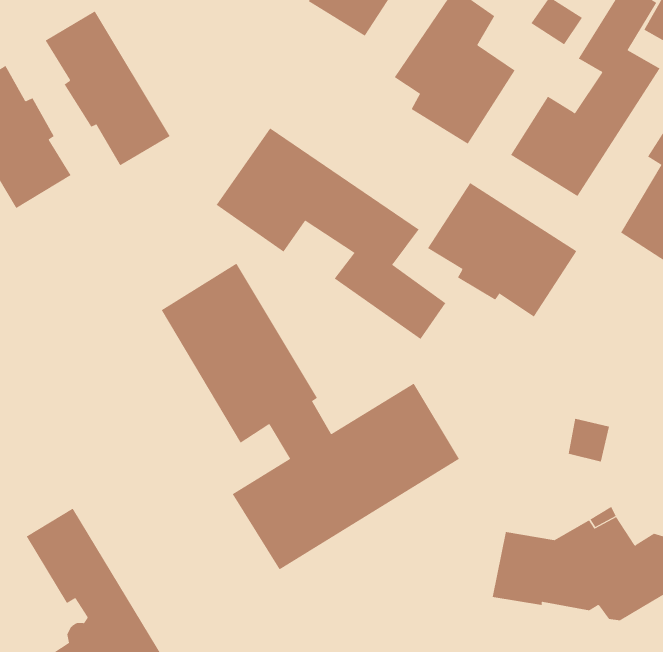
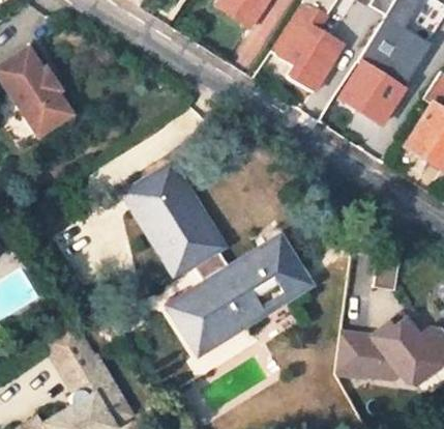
building: [45,10,171,166] -> none
building: [216,128,446,340] -> none
building: [427,182,577,317] -> none

